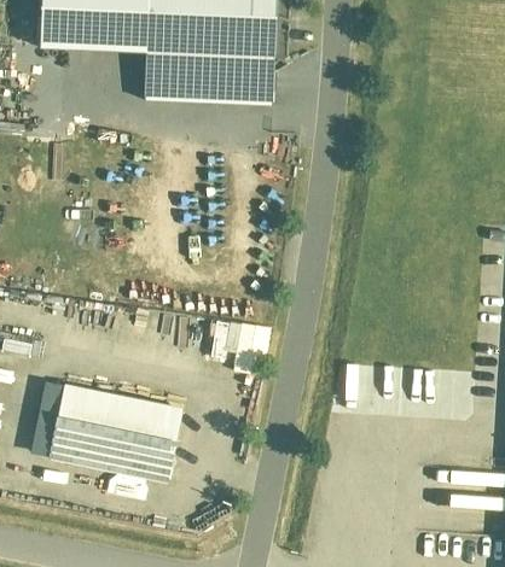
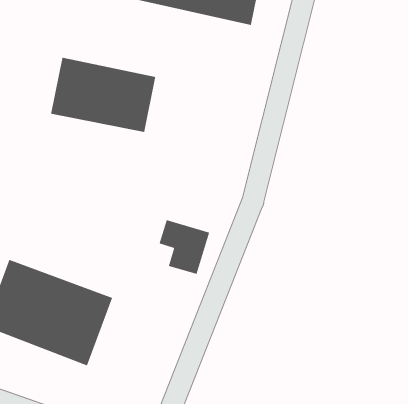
building: none -> [50,57,156,133]

